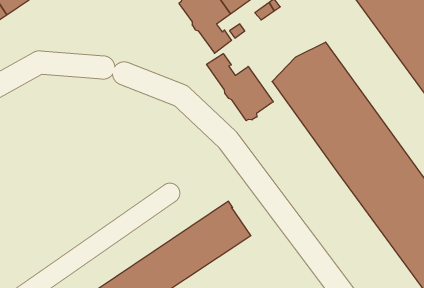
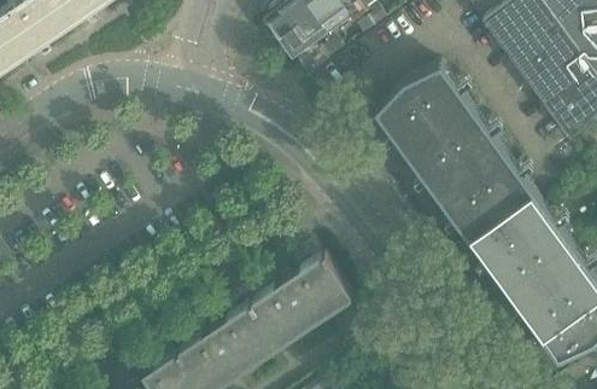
building: [207,54,273,121] -> none

